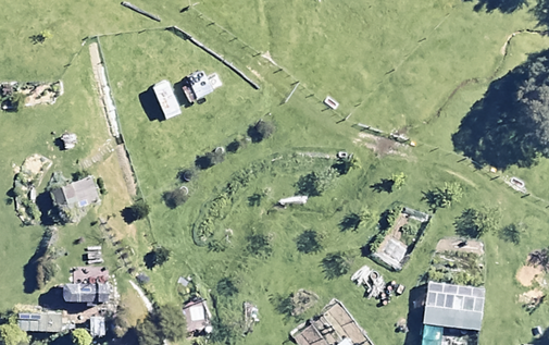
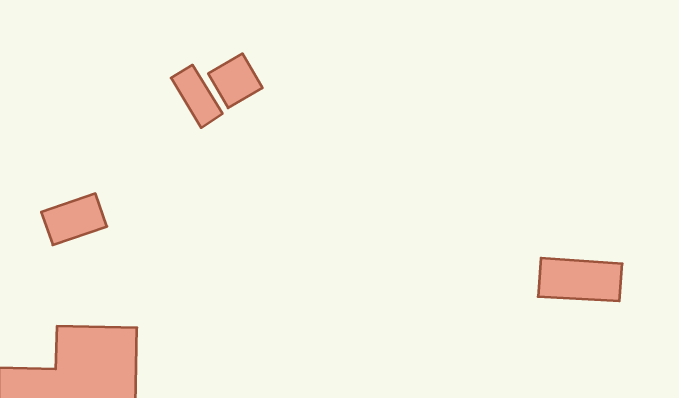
building: [421,283,485,316] -> [538,258,622,301]

